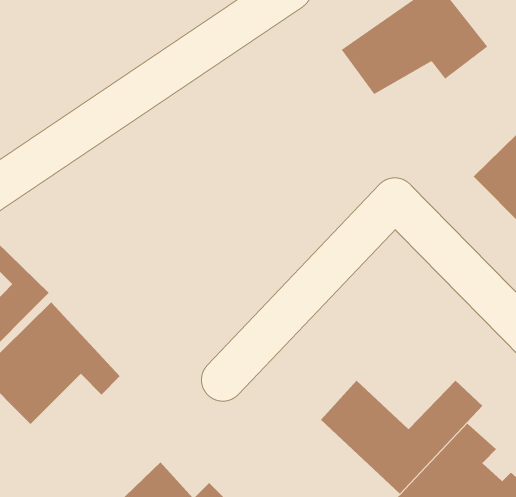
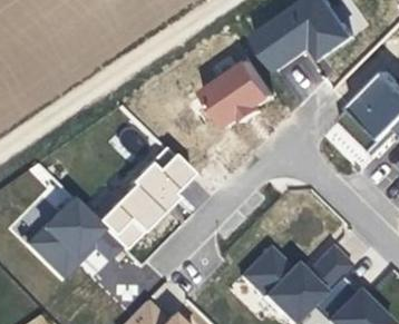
building: none -> [188,55,276,137]
building: none -> [96,145,200,246]

